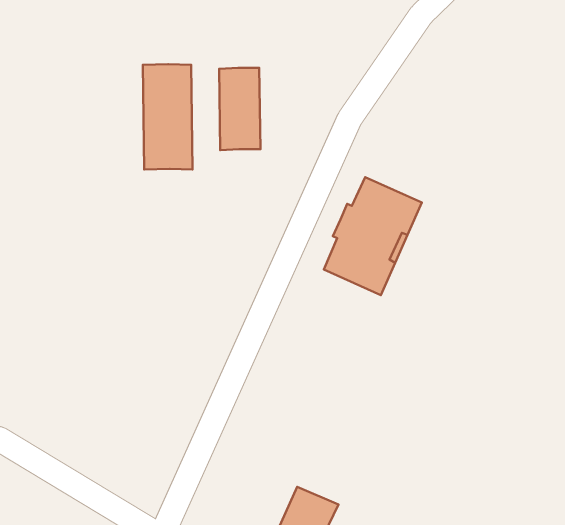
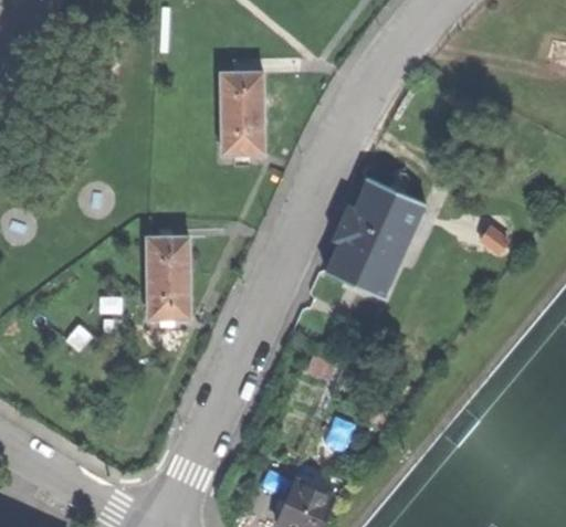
building: [143,64,193,170] -> none
building: none -> [146,236,188,317]

